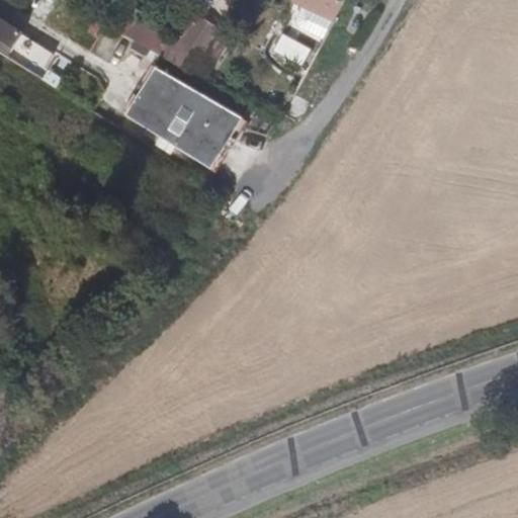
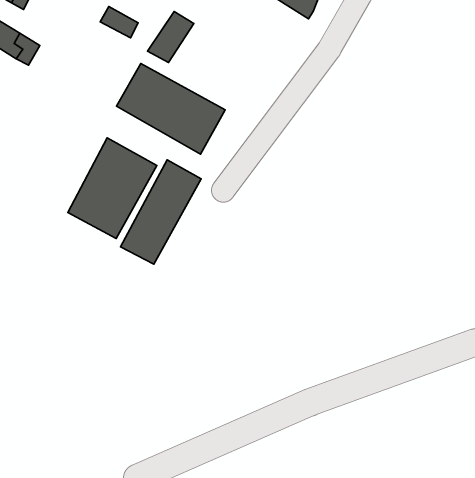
building: none -> [68,138,157,238]
building: none -> [120,160,201,264]

